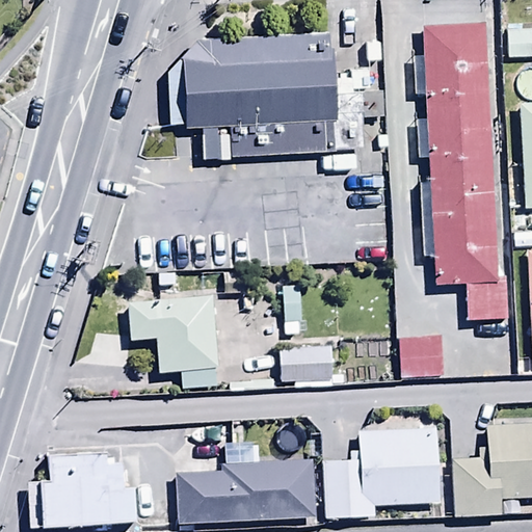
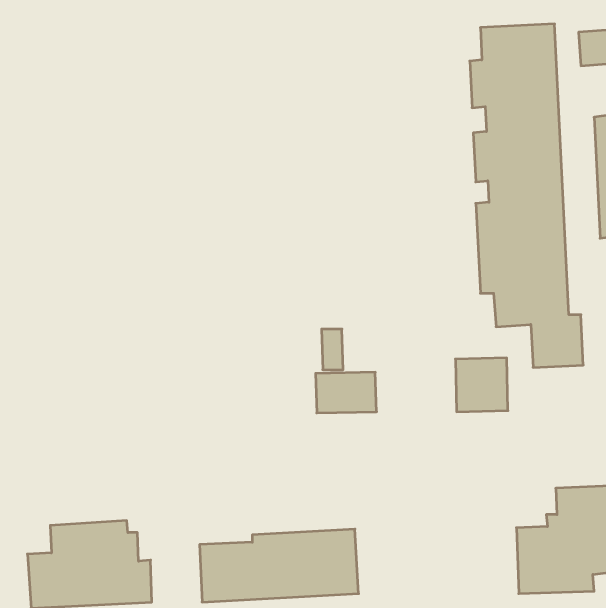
building: [182,45,336,154] -> none
building: [141,293,220,375] -> none
building: [324,426,443,520] -> none

